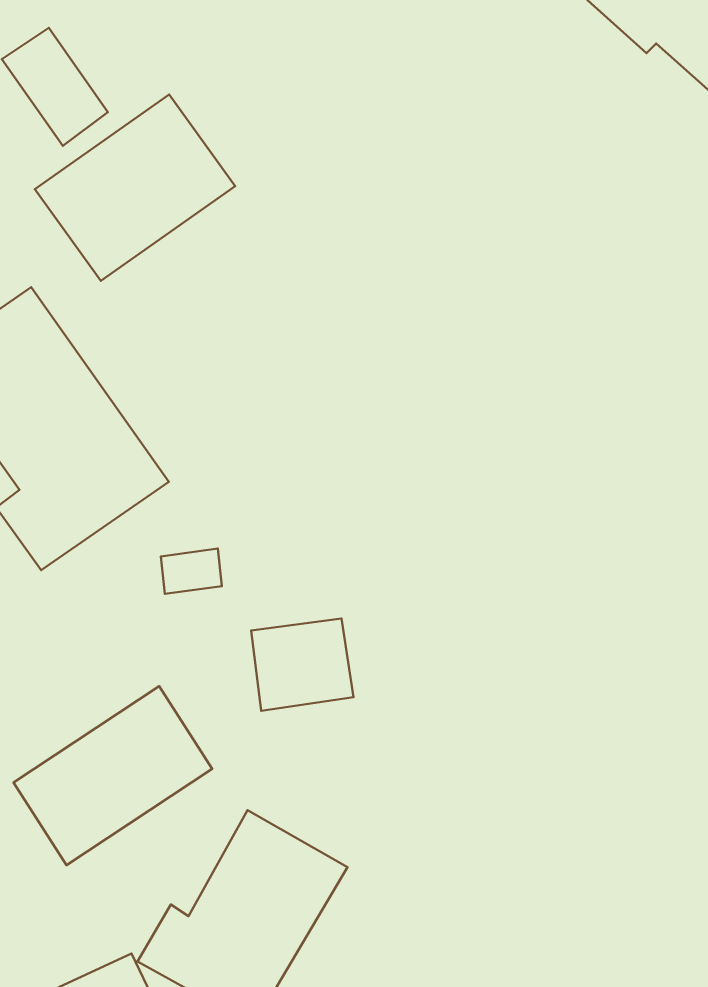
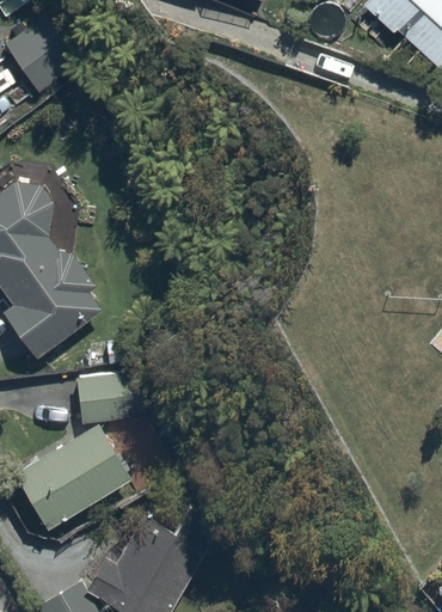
building: [35,95,235,281] -> none
building: [251,619,353,711] -> [76,368,139,424]

